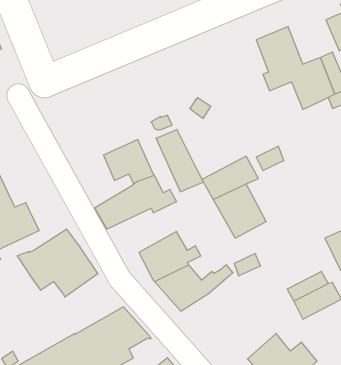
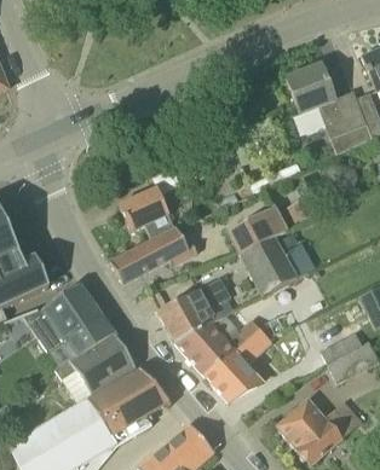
building: [156,129,203,192] -> none
building: none -> [205,331,269,400]
building: none -> [56,332,136,393]

